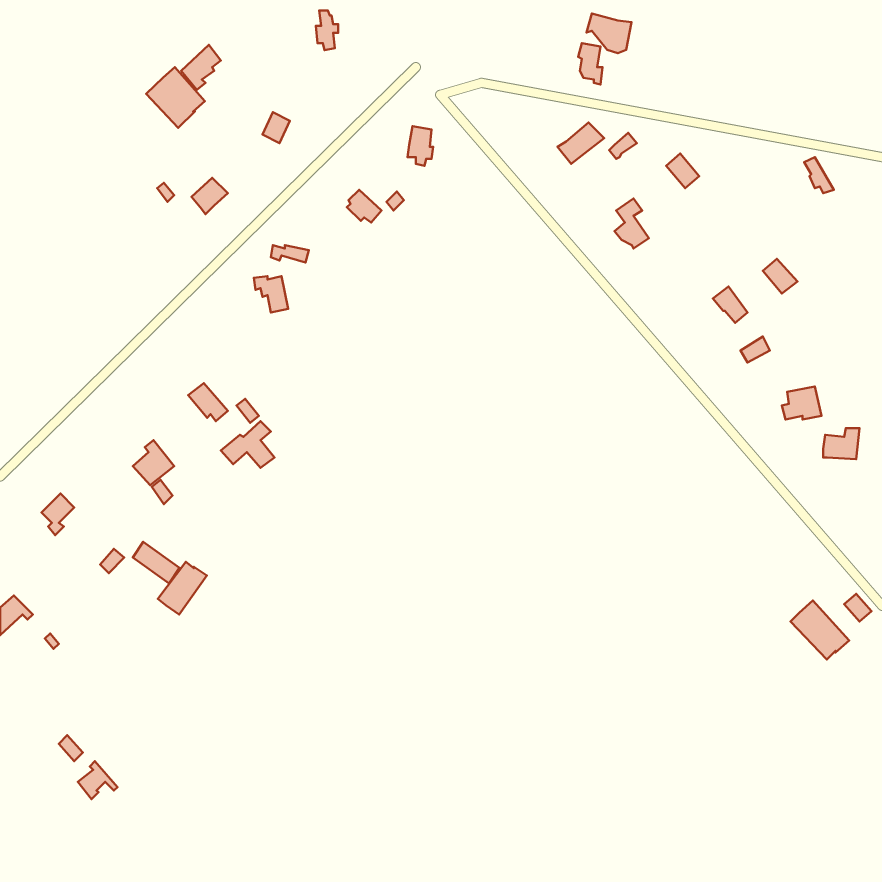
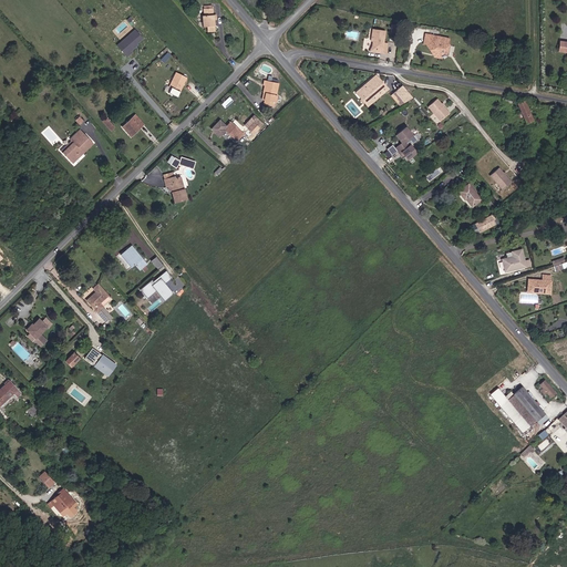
building: [587,14,631,53] -> [422,32,451,58]
building: [146,67,205,128] -> none
building: none -> [61,130,95,164]
building: [158,562,207,614] -> none

